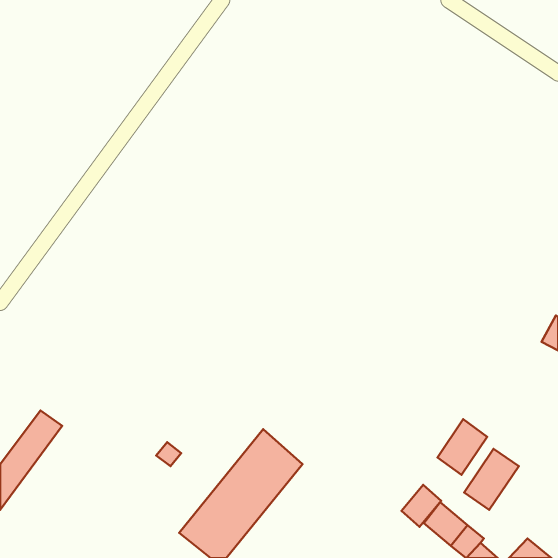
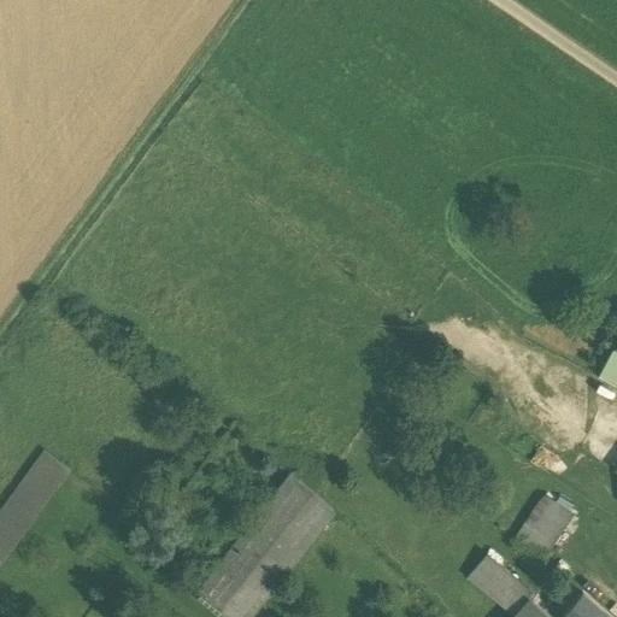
building: [437,419,487,475] -> none
building: [402,485,441,527] -> none

